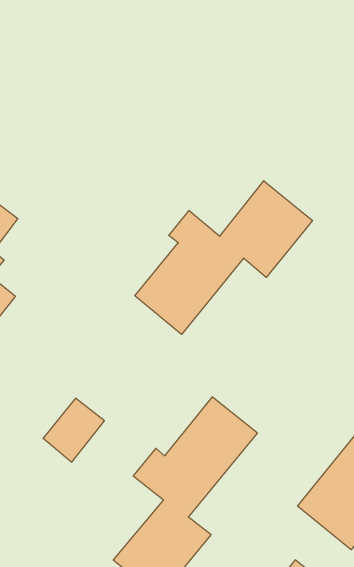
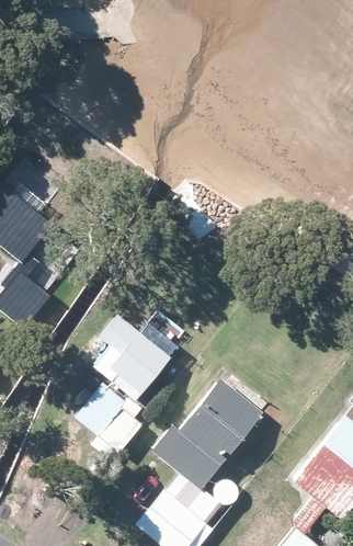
building: [135,181,312,334] -> none
building: none -> [94,315,173,402]

